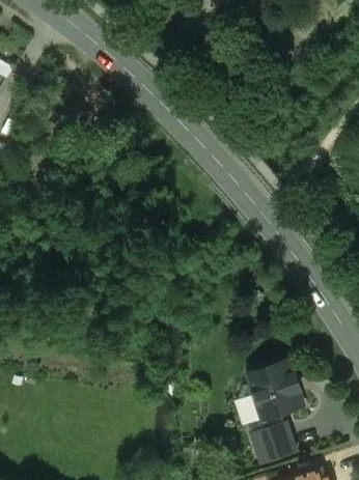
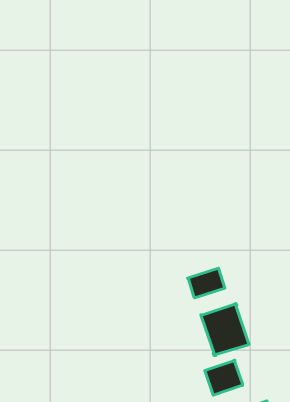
building: none -> [187,268,225,298]

